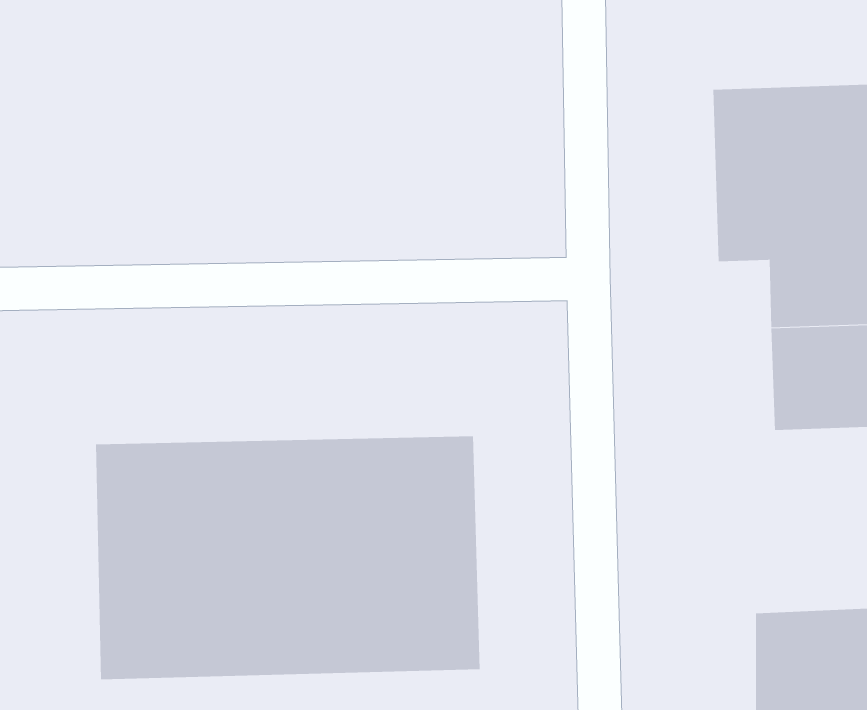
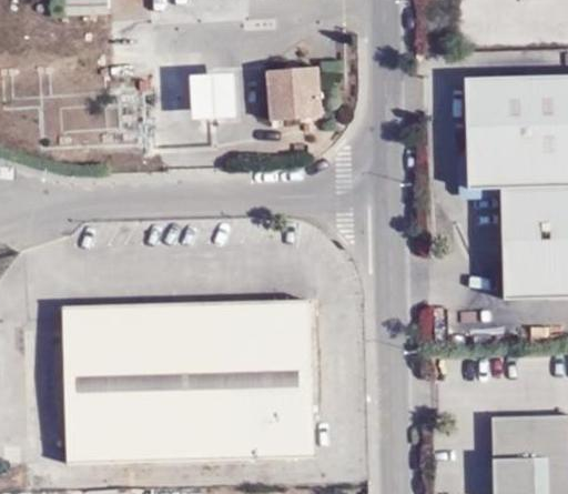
building: none -> [266,65,322,121]
building: none -> [190,71,237,119]

